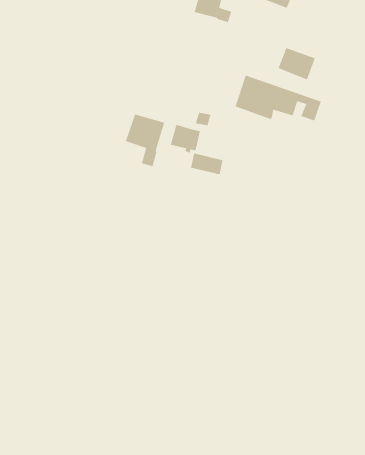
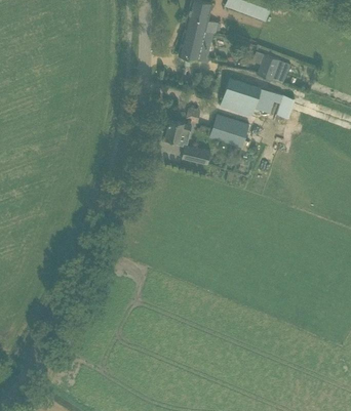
building: none -> [178,25,215,63]
building: [125,113,165,167] -> none
building: none -> [209,115,249,147]

